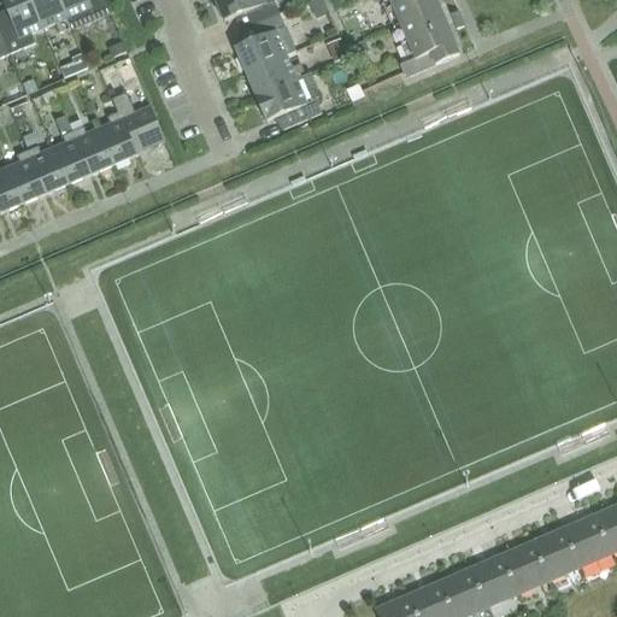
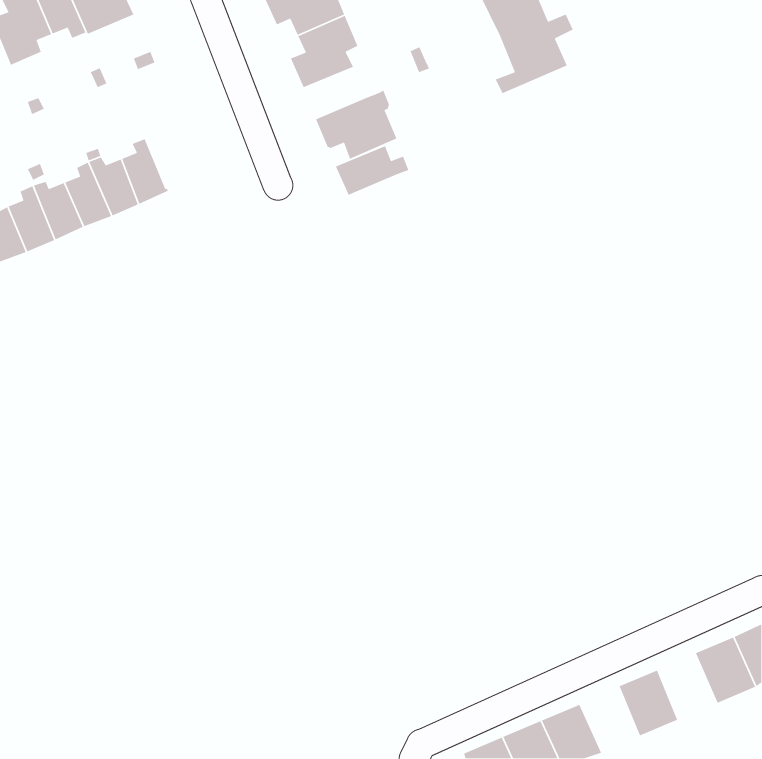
building: [245,54,305,95] -> [335,145,409,196]
building: [111,92,164,152] -> none
building: [530,527,578,581] -> none
building: [468,553,516,607] -> none

